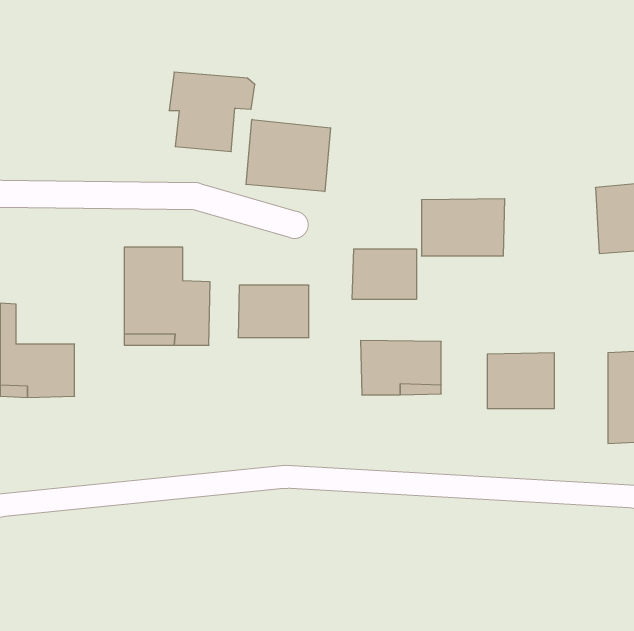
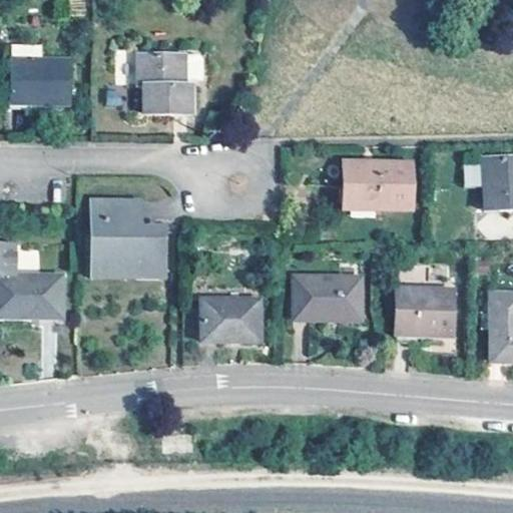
building: none -> [7,58,71,103]
building: [246,119,330,192] -> none
building: [352,249,416,299] -> none
building: [238,285,309,337] -> [201,299,259,341]

